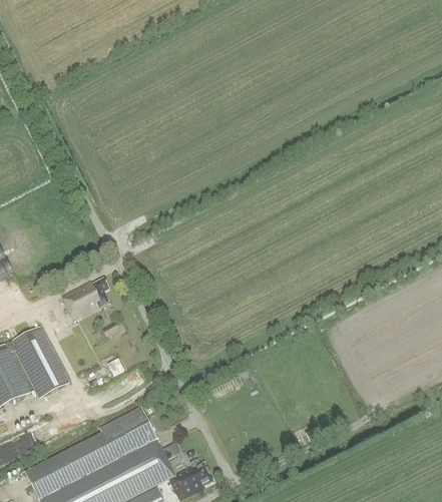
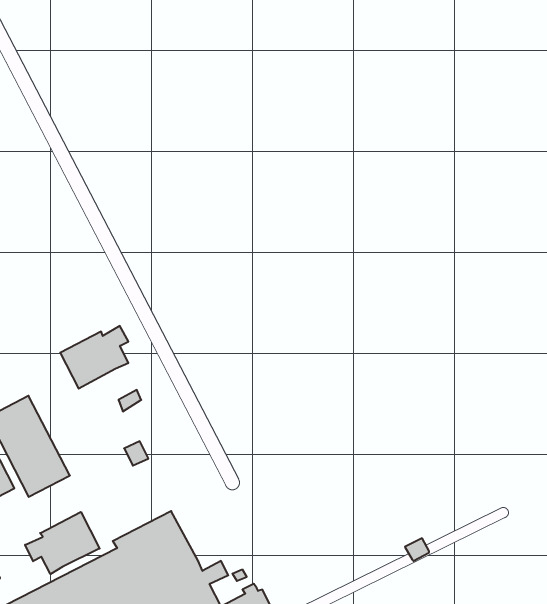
building: none -> [25,512,100,574]

